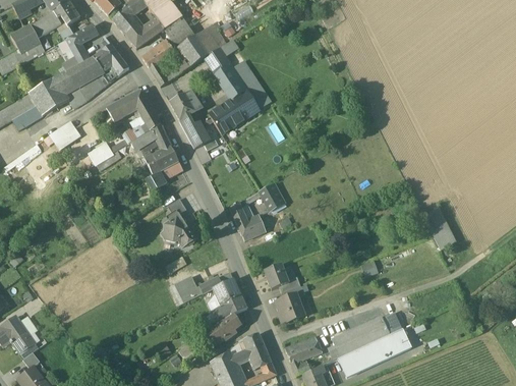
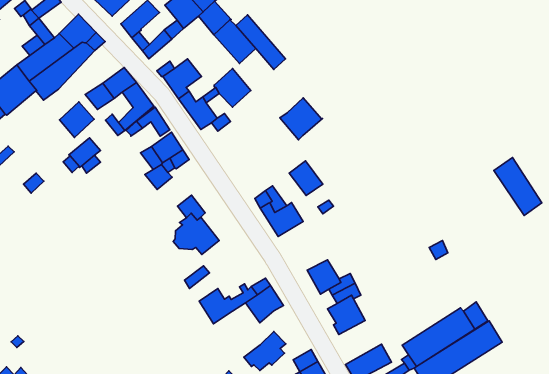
building: [226,90,260,122] -> [280,98,323,140]
building: [50,122,77,150] -> [59,102,94,137]
building: [212,295,246,324] -> none

